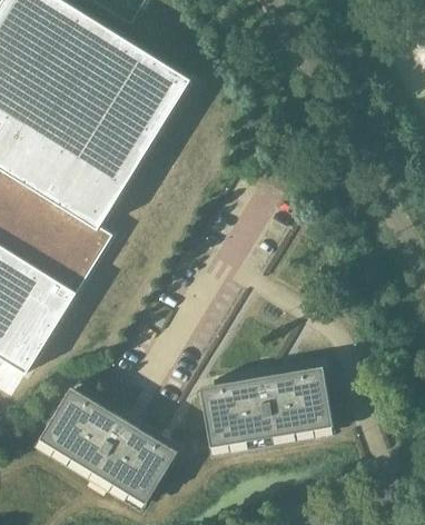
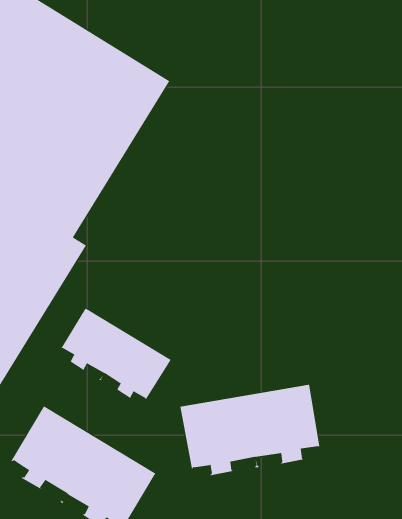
building: none -> [61,307,172,400]

